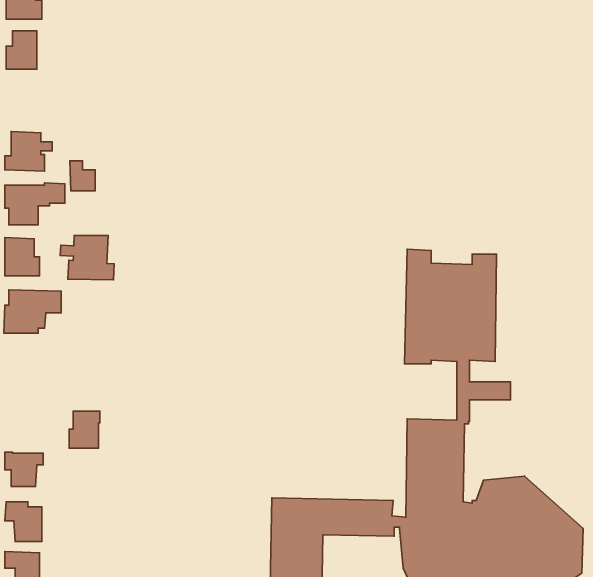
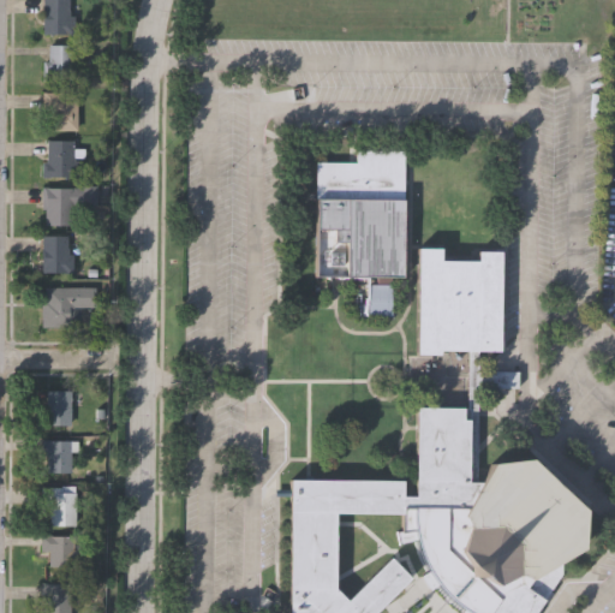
building: none -> [43,89,80,129]
building: none -> [317,148,405,314]
building: [70,161,95,191] -> none
building: [60,236,114,280] -> none
building: [69,411,100,448] -> [44,388,73,423]

